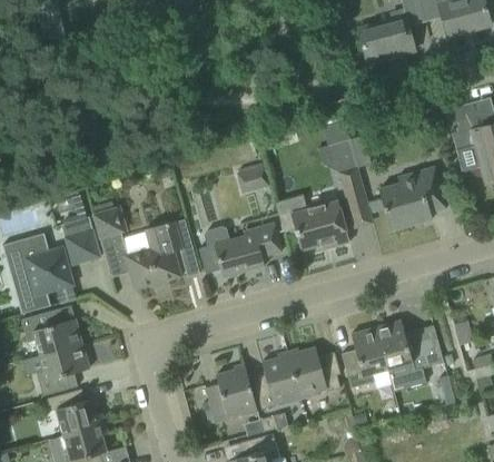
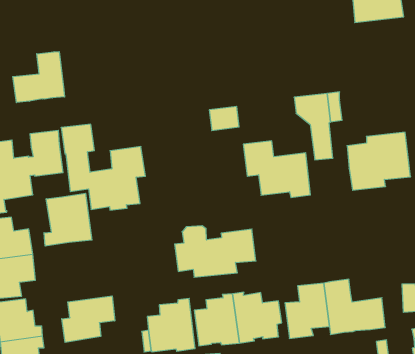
building: none -> [13,52,65,103]
building: [198,220,281,277] -> [175,226,256,277]
building: none -> [44,193,92,246]
building: none -> [62,296,115,342]

